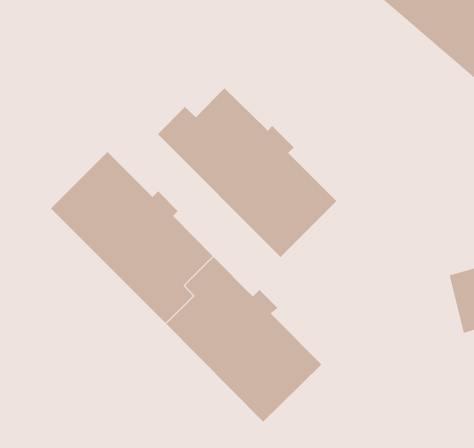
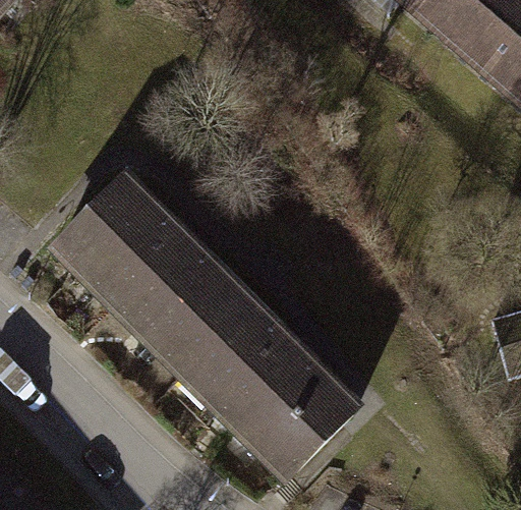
building: [157,88,337,258] -> none

